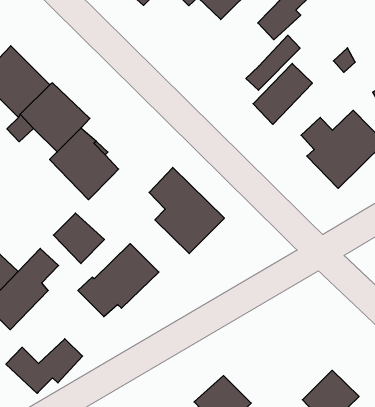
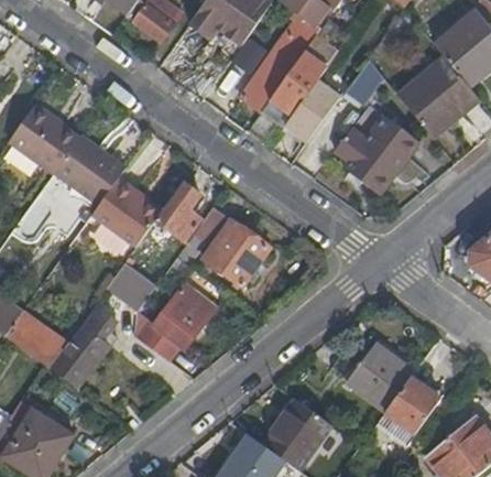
building: none -> [238,43,295,110]
building: none -> [154,180,205,239]
building: none -> [346,340,412,409]
building: [6,339,83,393] -> none

